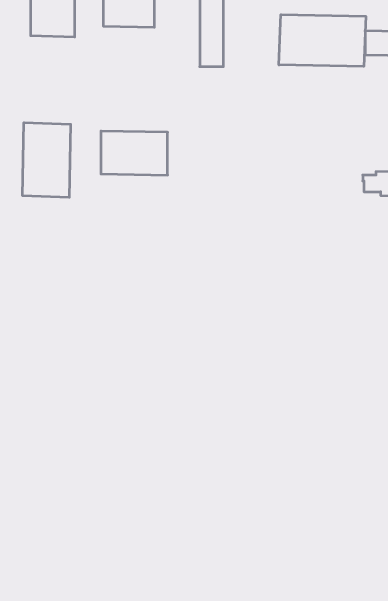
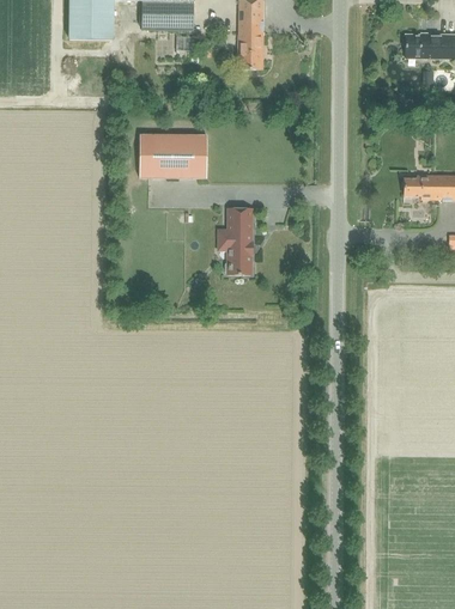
building: [279,15,366,66] -> none
building: [23,123,71,197] -> none
building: none -> [224,208,251,274]

